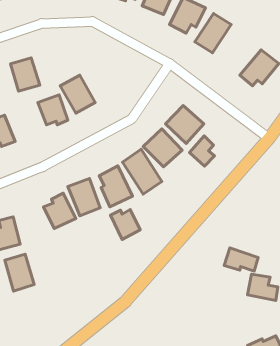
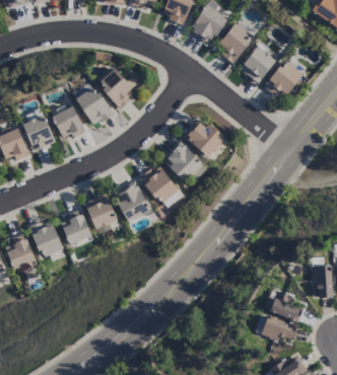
building: none -> [240,46,276,83]
building: none -> [96,66,134,108]
building: [11,58,40,91] -> [24,116,55,150]
building: [189,136,215,166] -> none
building: [110,209,140,240] -> none
building: [224,248,258,271] -> [262,316,297,341]
building: [5,254,34,291] -> [31,219,62,257]

